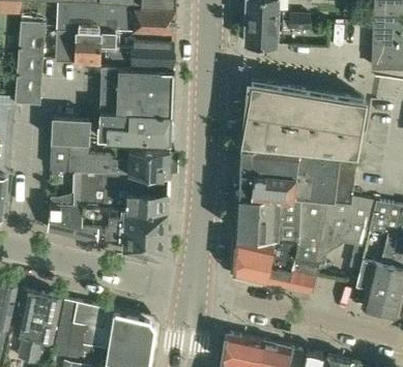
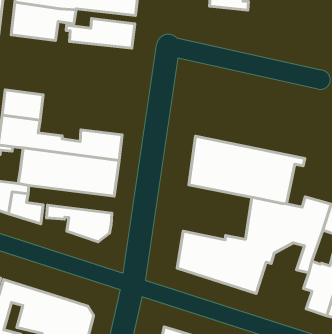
building: [244,21,310,48] -> none
building: [95,68,174,145] -> none
building: [241,83,366,156] -> none
building: [236,195,298,244] -> none
building: [103,210,167,228] -> none

